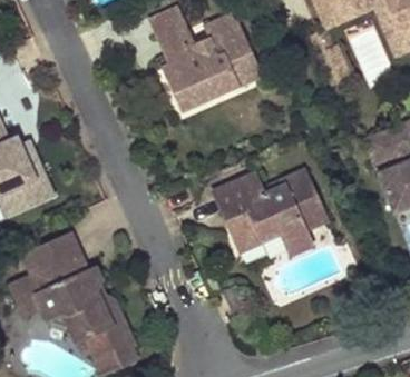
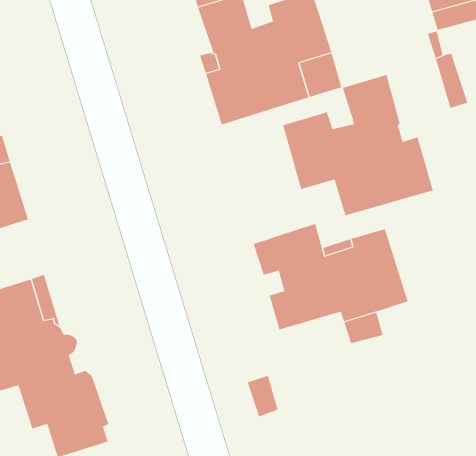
building: none -> [283,74,434,216]

